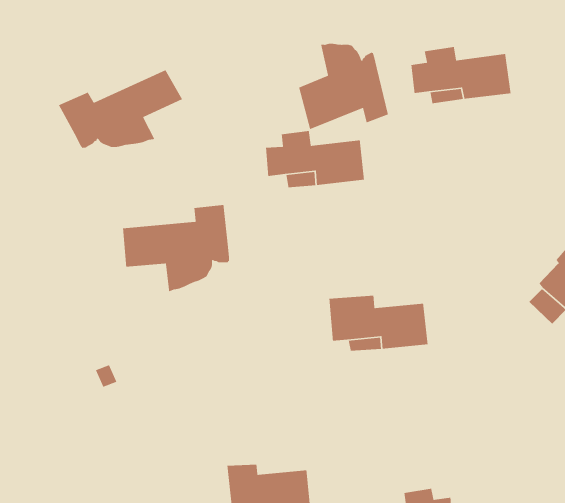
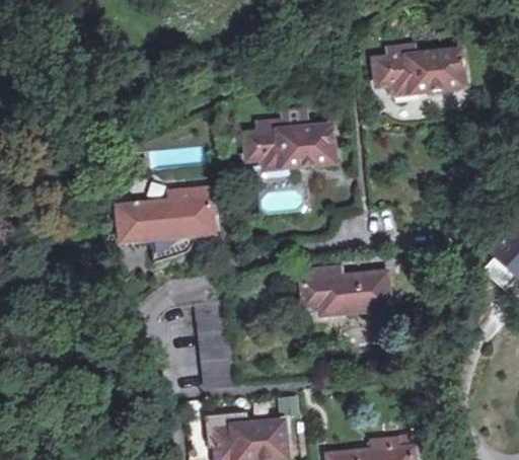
building: [298,43,389,130] -> none
building: [58,69,183,149] -> none
building: none -> [196,299,235,389]

